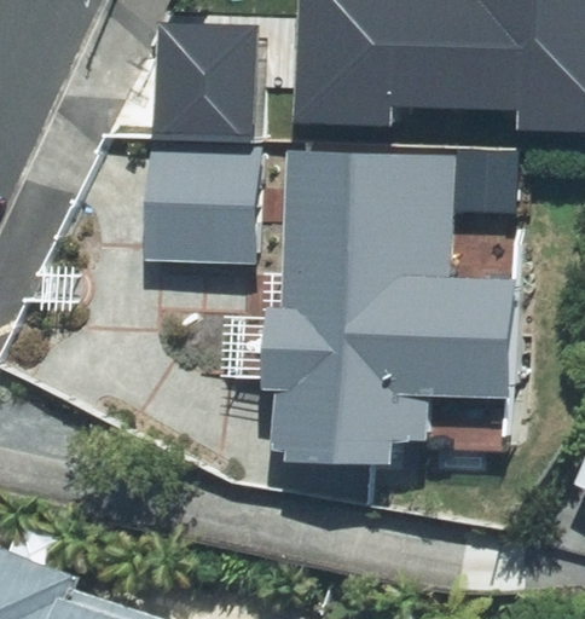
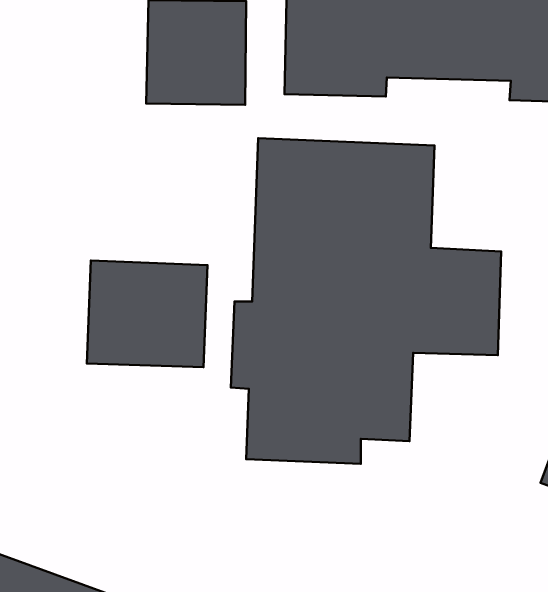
building: [157,139,268,250] -> none
building: none -> [87,260,208,367]

